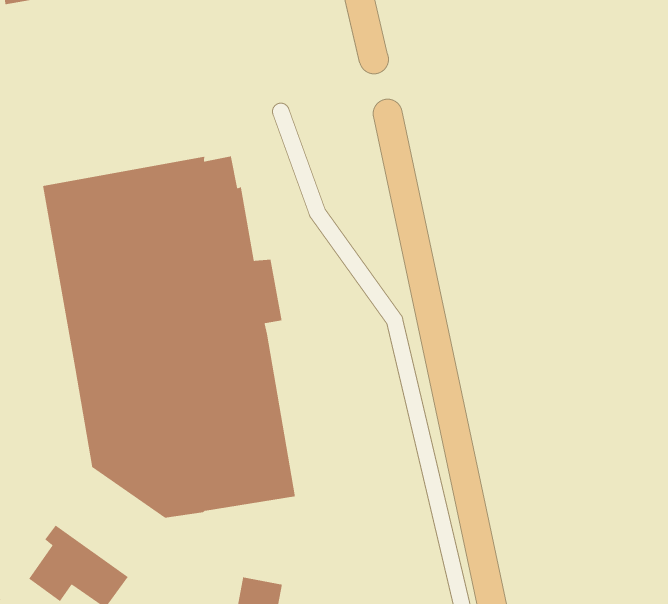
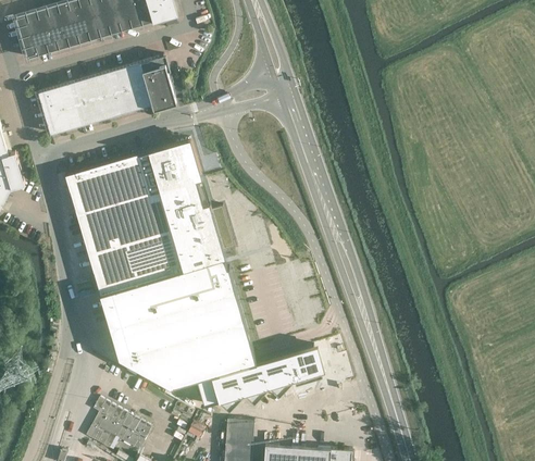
building: none -> [37,57,175,136]
building: none -> [195,345,324,411]

